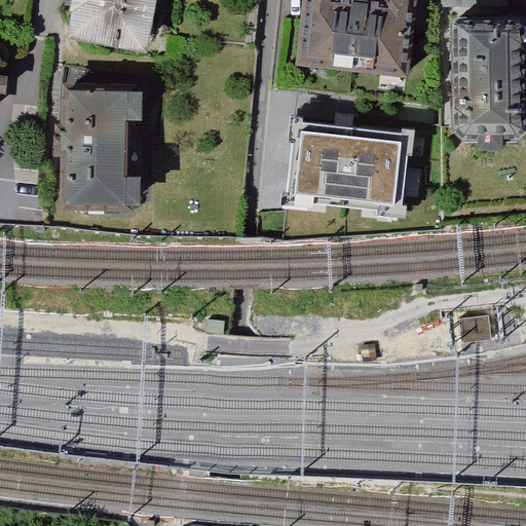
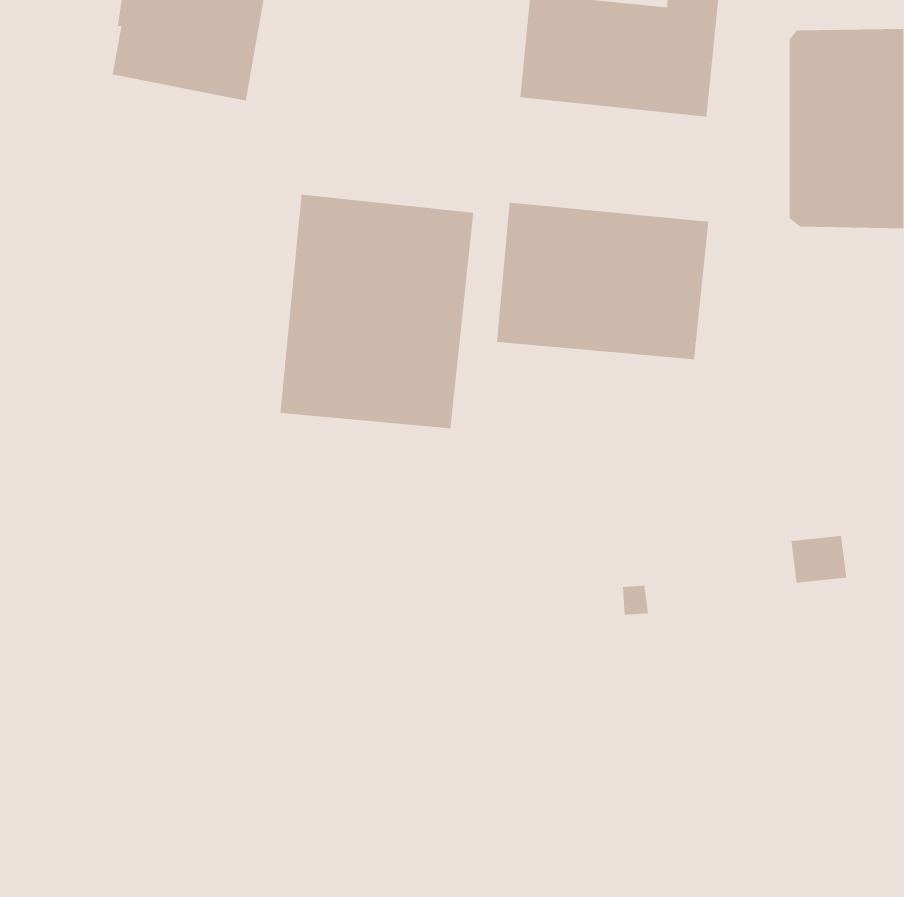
building: [65,93,127,212] -> none
building: none -> [280,194,474,429]

